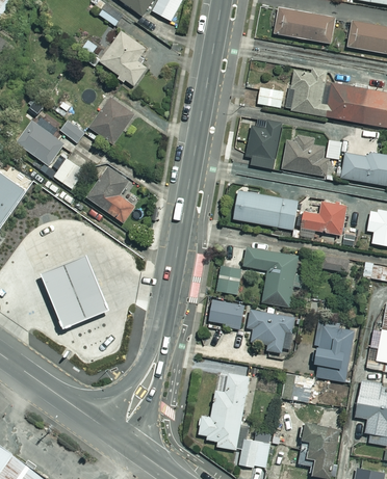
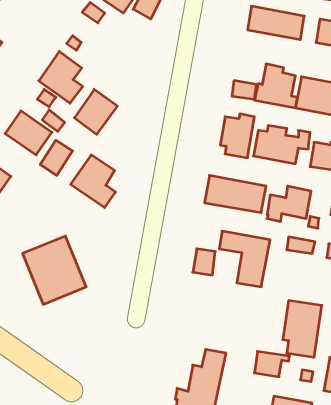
building: [100,30,147,85] -> [39,51,83,103]
building: [208,298,246,330] -> none
building: [247,307,294,353] -> none

